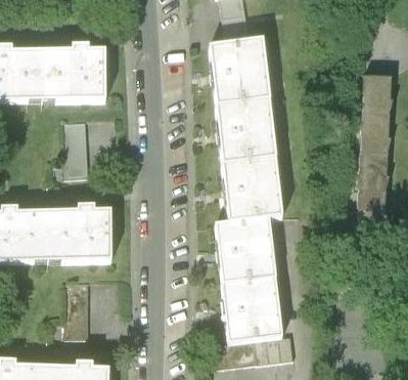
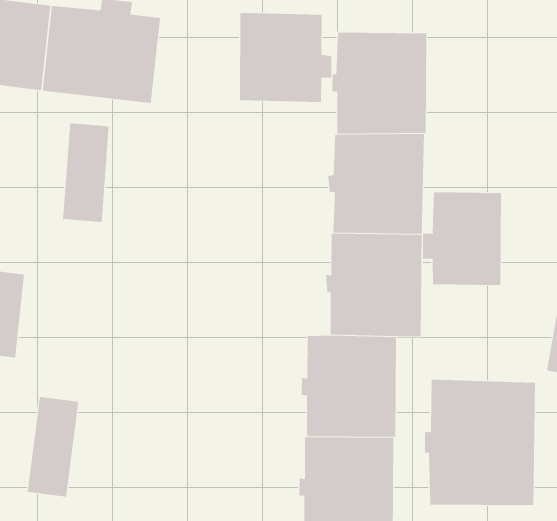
building: none -> [239,12,332,103]
building: none -> [422,191,502,286]
building: [49,206,112,260] -> none
building: none -> [424,379,535,506]

